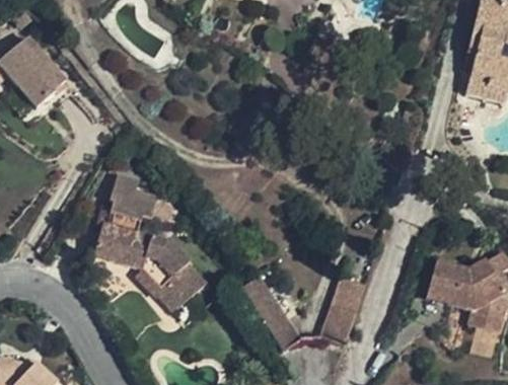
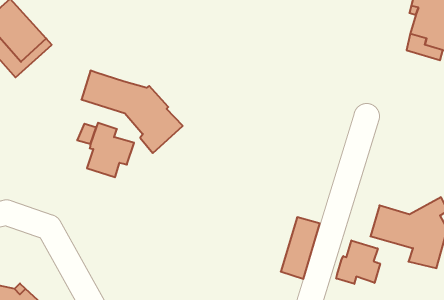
building: [90,221,204,313] -> [81,71,183,153]
building: [241,273,303,351] -> none
building: none -> [336,240,380,284]

